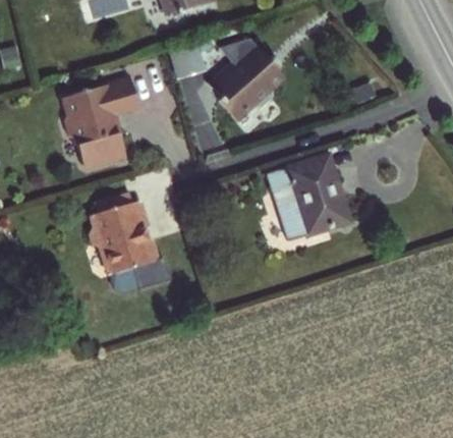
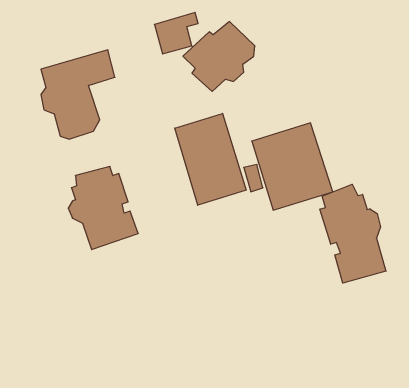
building: none -> [175,113,246,205]
building: none -> [320,184,386,283]

